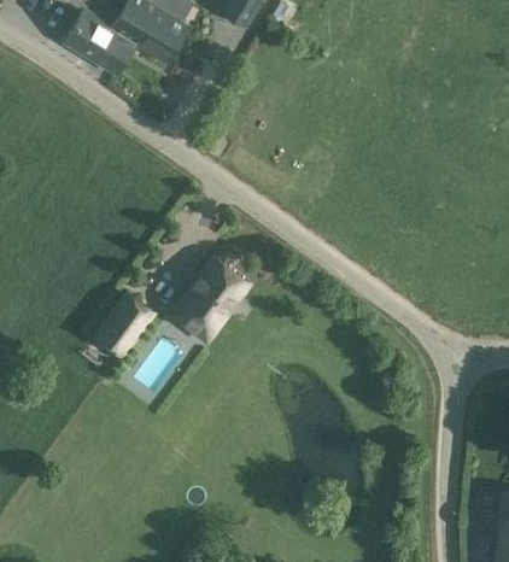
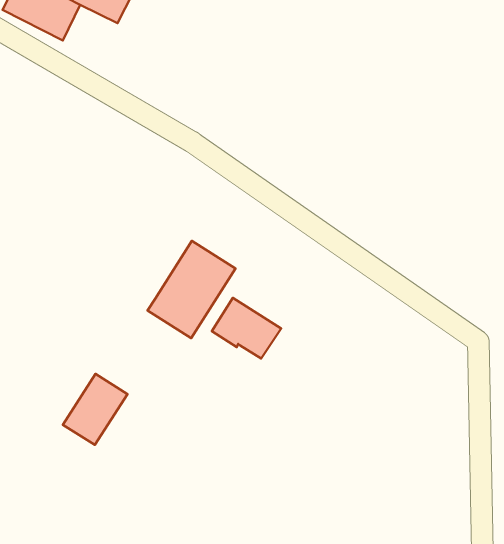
building: [95,293,153,355] -> [63,374,128,445]
building: none -> [212,298,281,358]

